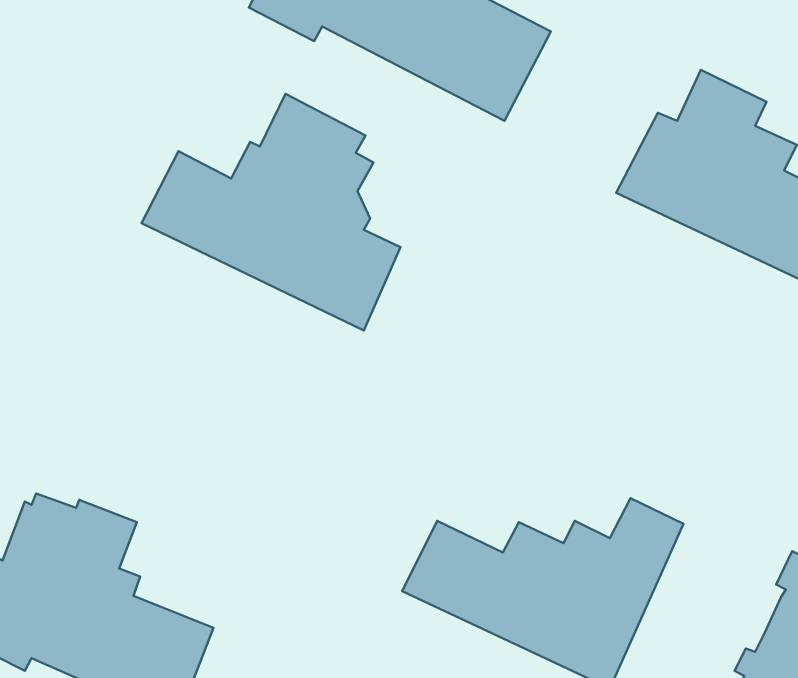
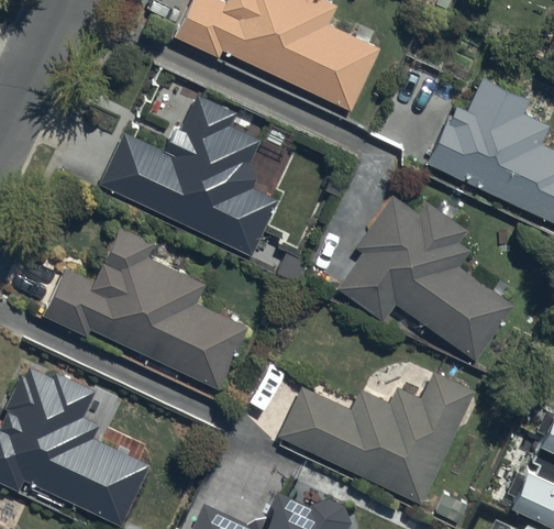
building: none -> [336,194,517,362]
building: none -> [44,228,246,387]

